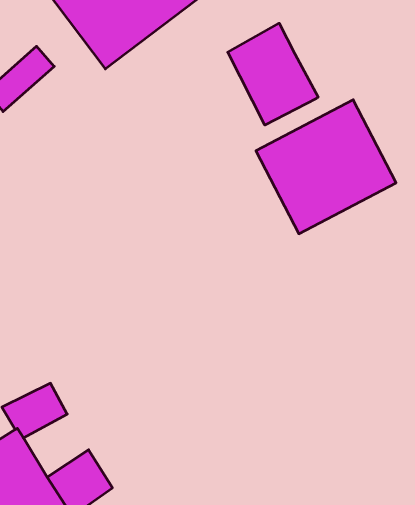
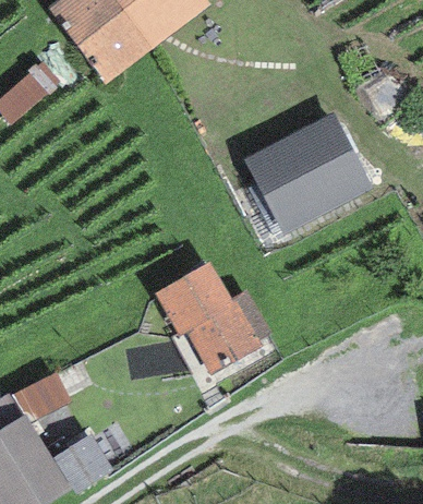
building: [228,23,318,125] -> none
building: none -> [154,262,271,374]

